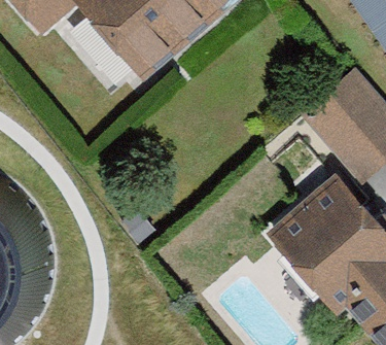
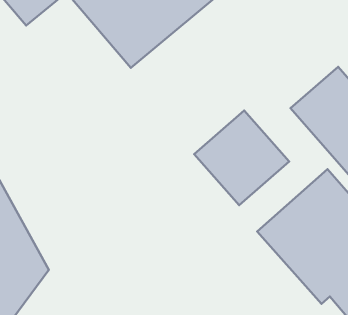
building: none -> [194,110,289,205]

